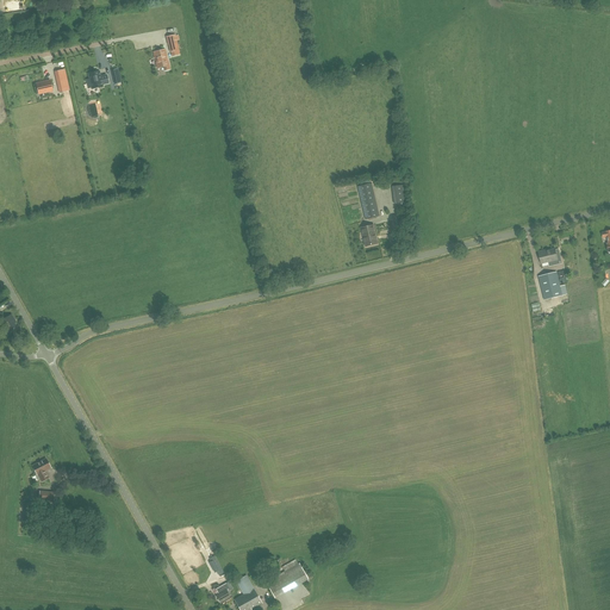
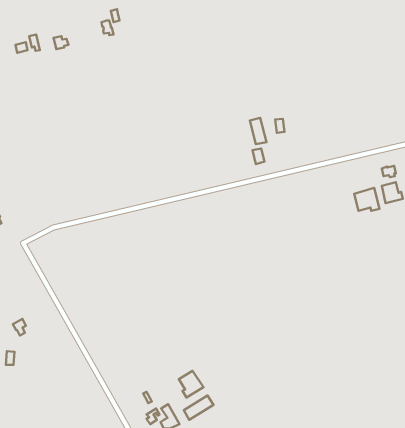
building: none -> [354,188,379,211]
building: none -> [179,371,204,398]

